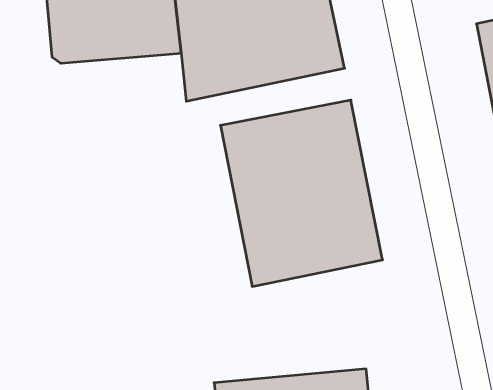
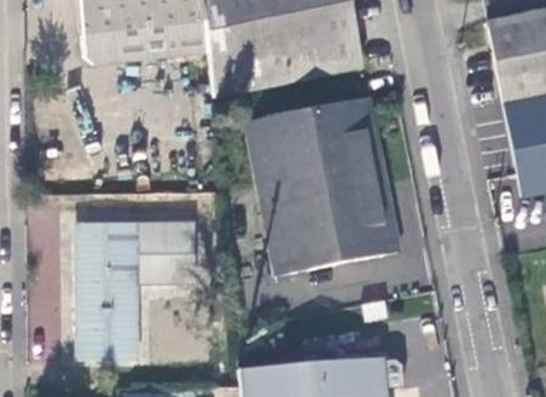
building: none -> [80,226,192,361]

